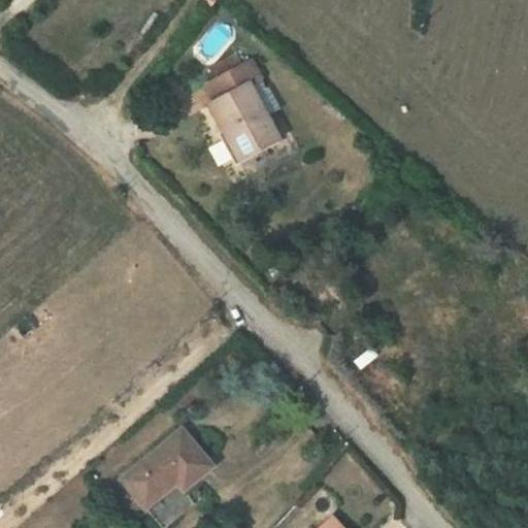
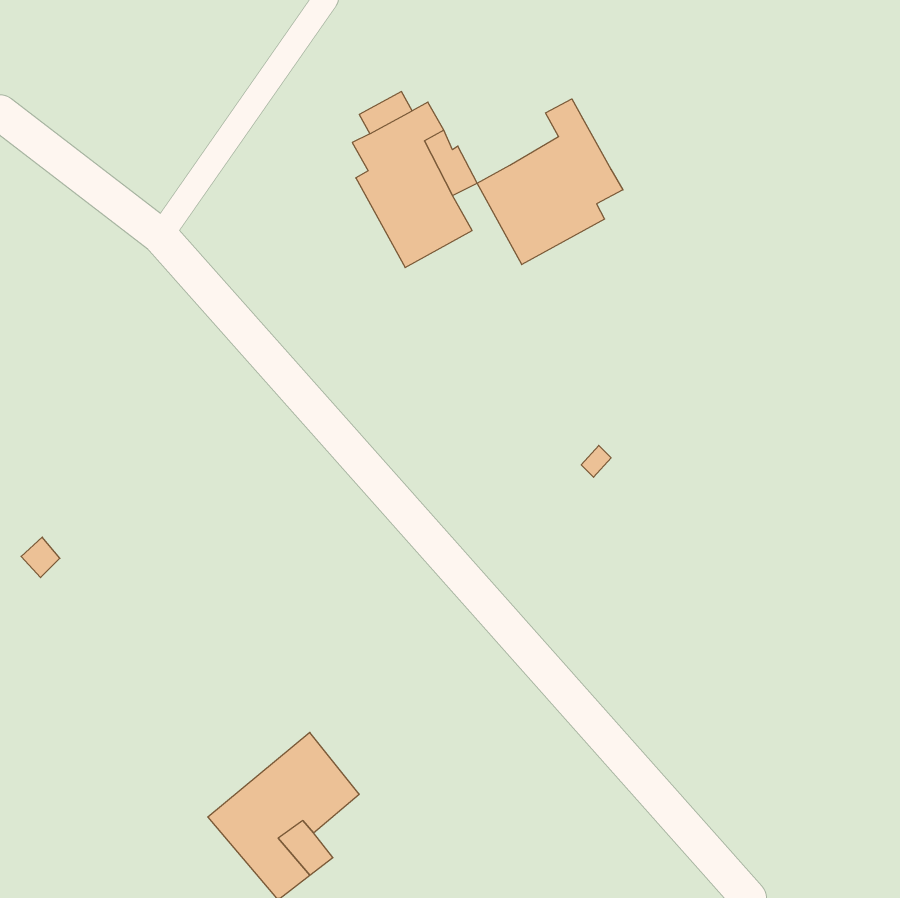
building: none -> [477,99,623,265]

